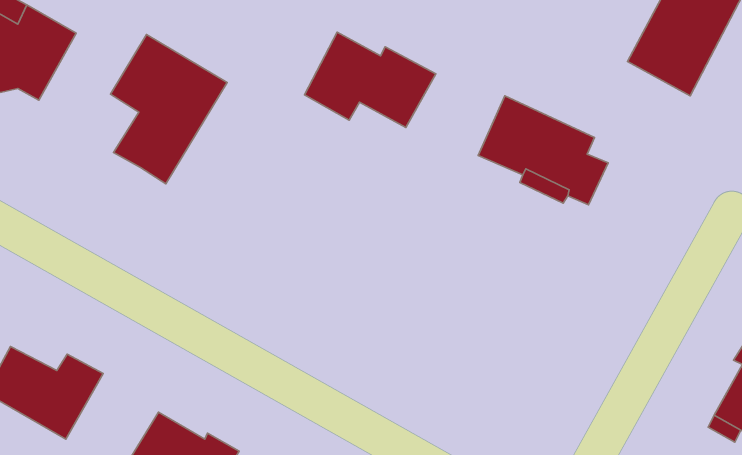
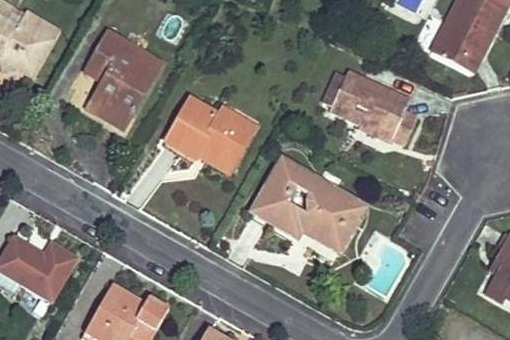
building: [304,32,436,128] -> [166,99,254,163]
building: none -> [251,159,363,250]

